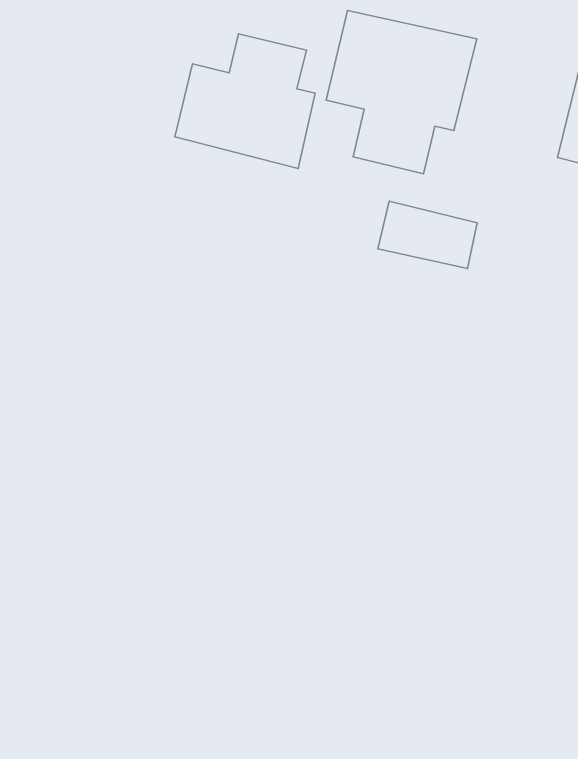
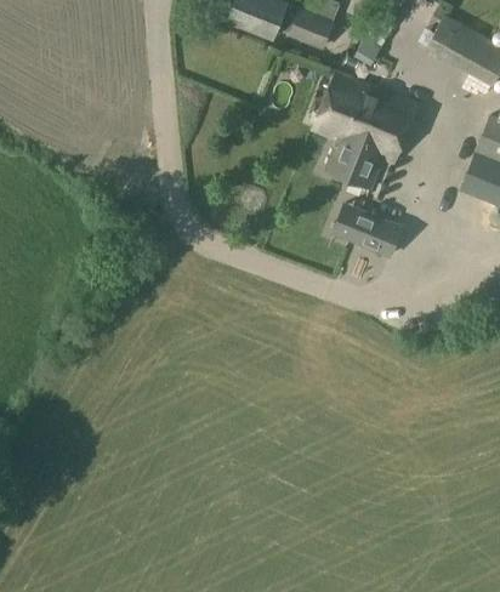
building: [175,34,315,168] -> none

